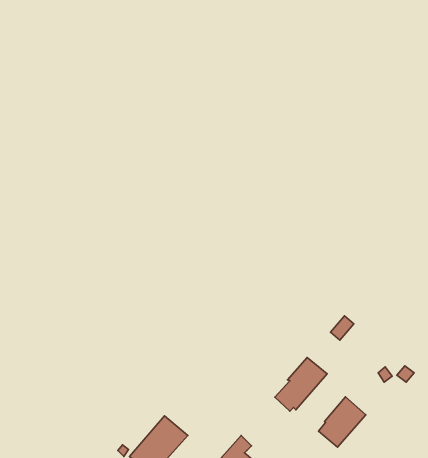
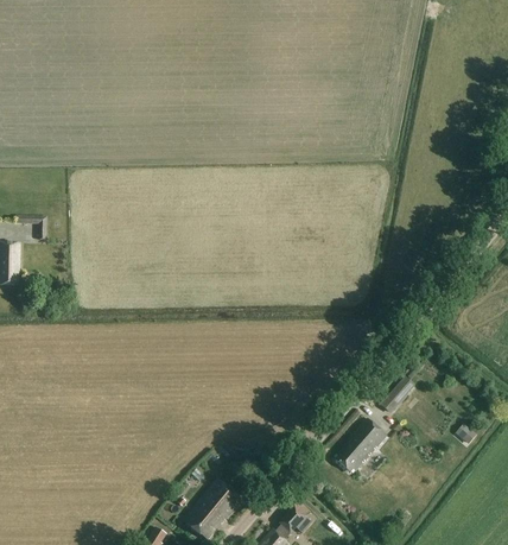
building: [318,397,366,447] -> none

